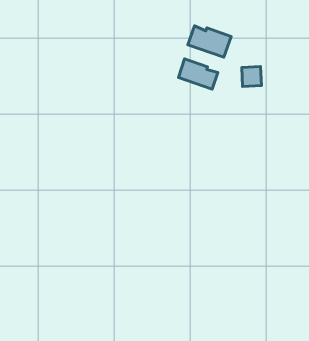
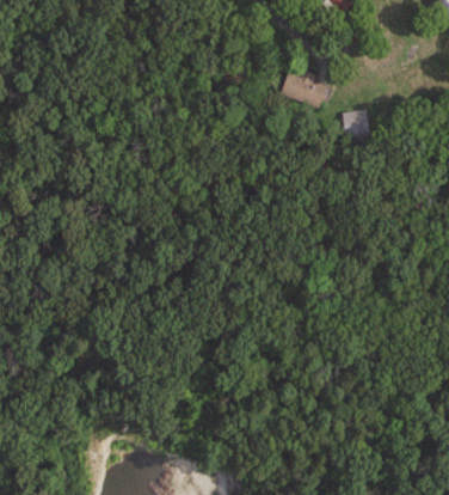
building: [178,59,218,89] -> none

